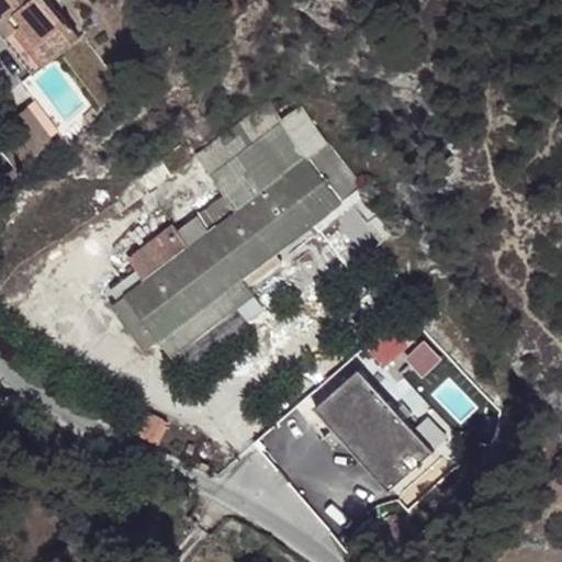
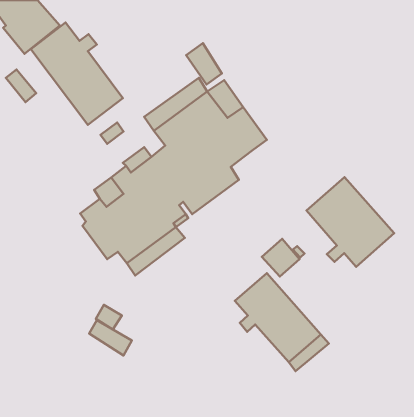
building: none -> [31,22,123,125]
building: none -> [186,43,222,84]
building: none -> [307,177,394,267]
building: none -> [89,320,132,355]

